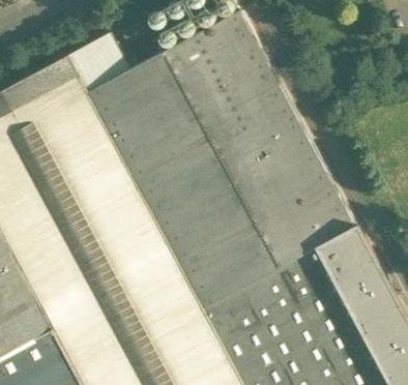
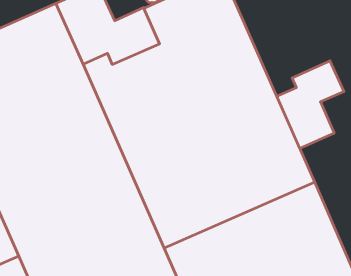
building: none -> [277,61,344,148]

